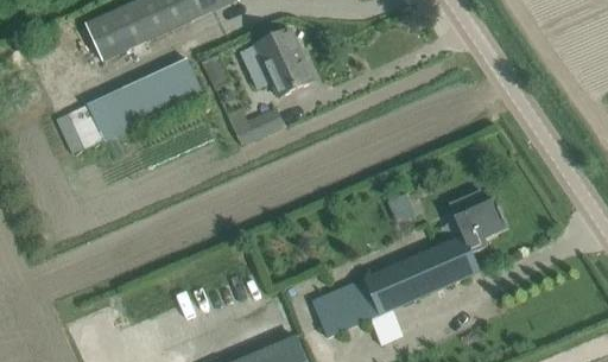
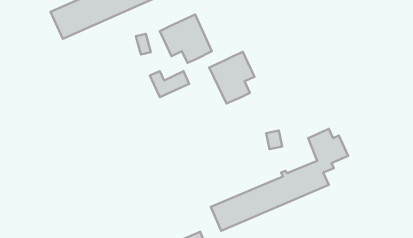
building: [55,57,203,152] -> none
building: none -> [209,52,254,103]

